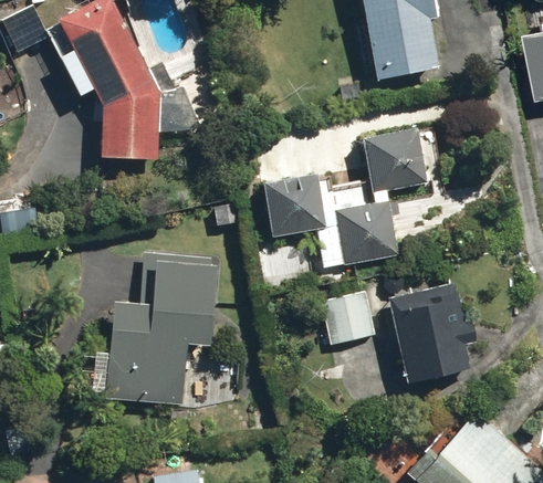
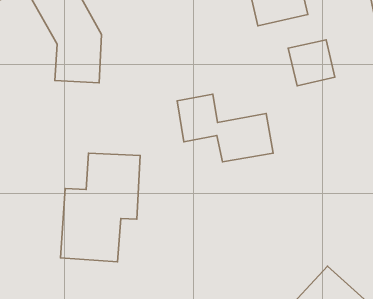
building: [363,130,427,193] -> [288,40,335,86]
building: [387,283,477,382] -> none
building: [322,291,377,343] -> none

